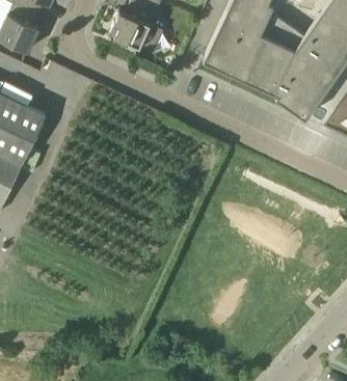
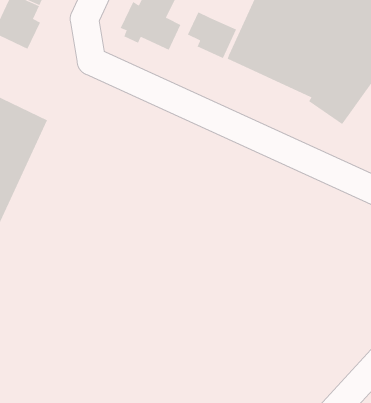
building: none -> [187,12,237,59]

